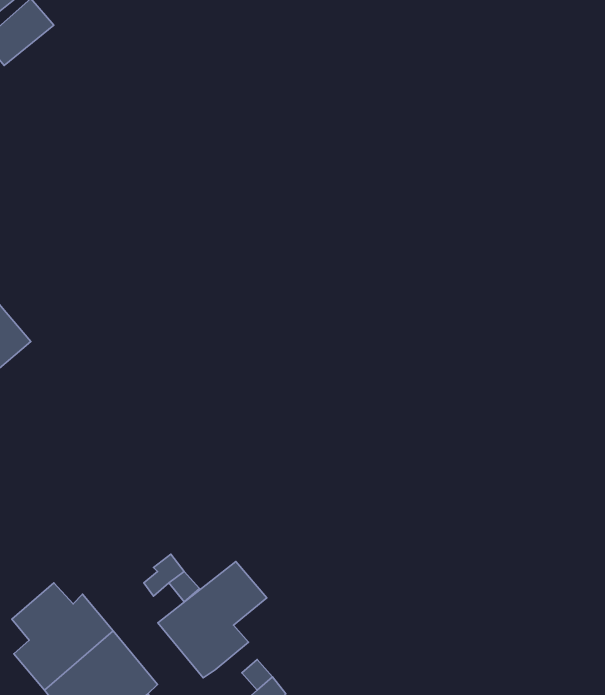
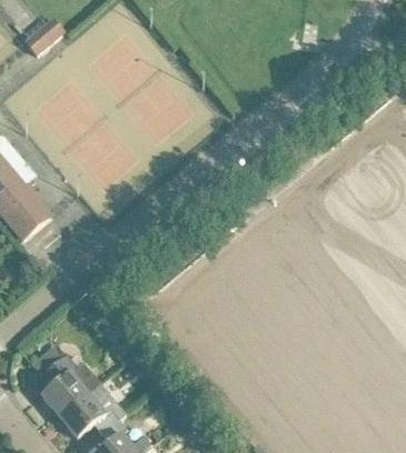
building: [158,562,267,678] -> none

